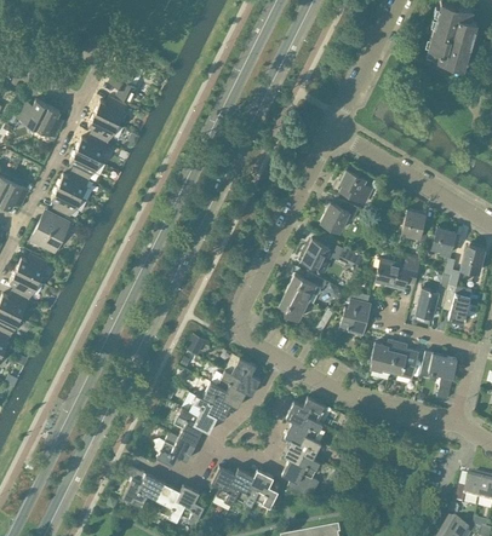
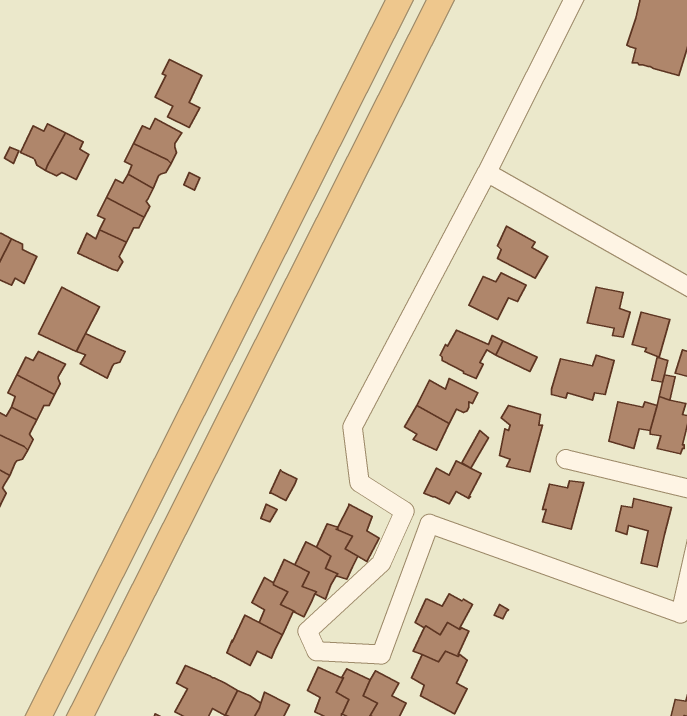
building: [51,186,84,217] -> [77,333,125,378]
building: [390,341,418,375] -> none
building: [286,396,325,425] -> [424,461,481,504]

